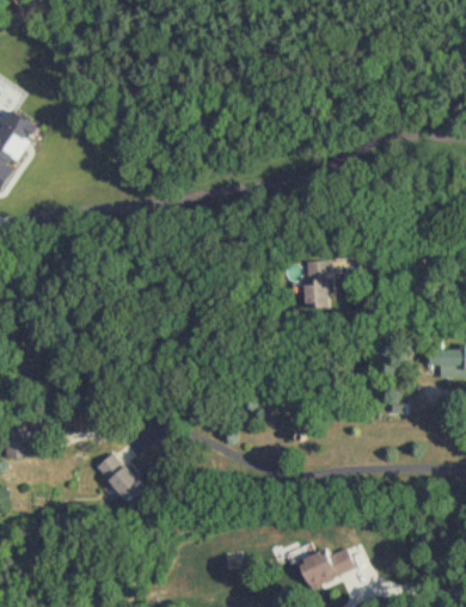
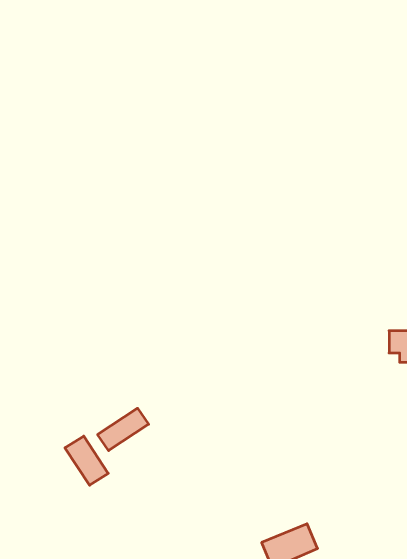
building: [306,262,329,308] -> none
building: none -> [98,408,149,451]

